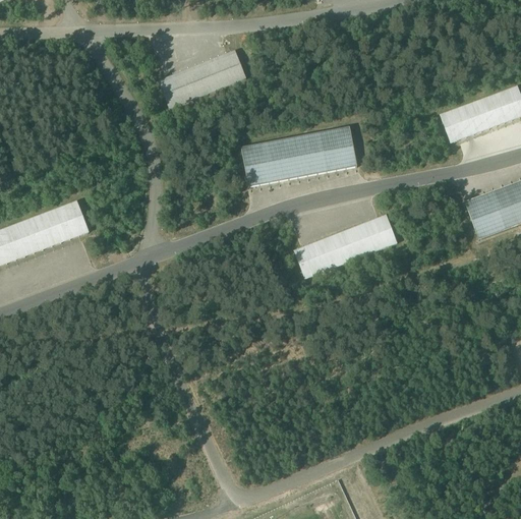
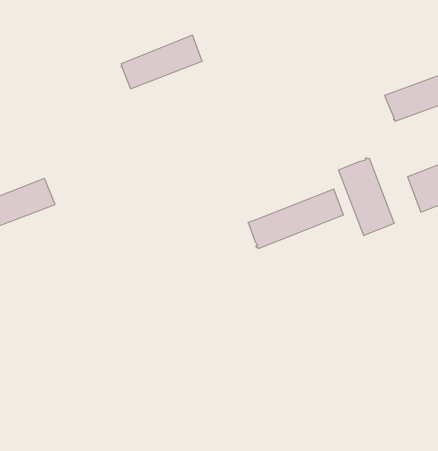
building: [241,126,357,186] -> none
building: none -> [338,158,394,236]

